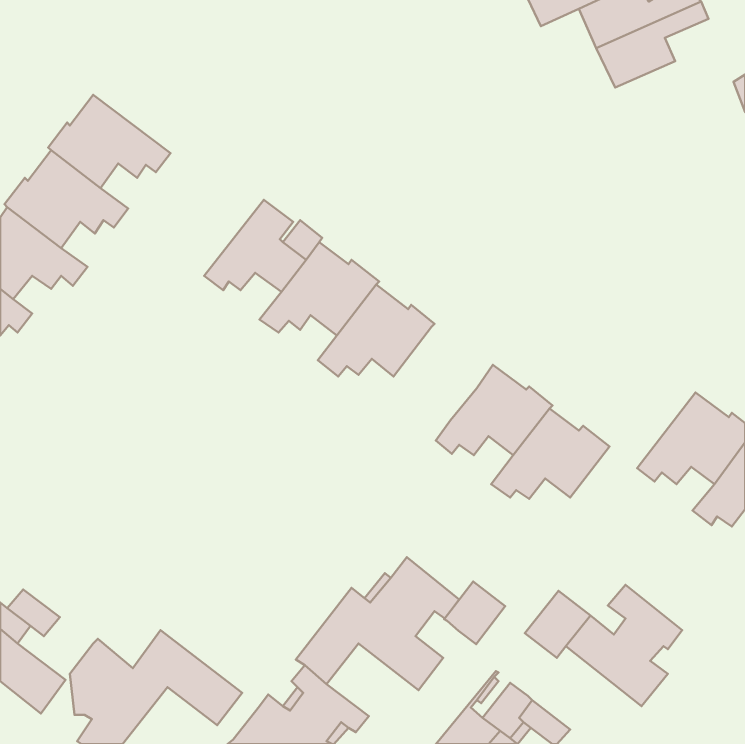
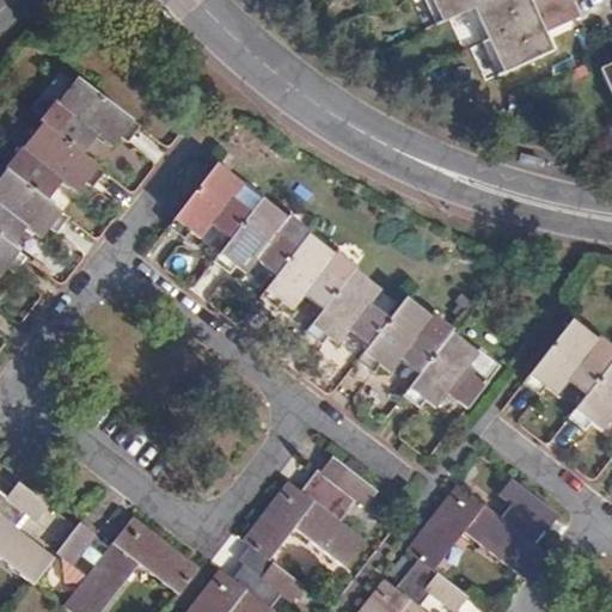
building: none -> [306,268,391,344]
building: [444,581,505,644] -> [406,519,457,570]

